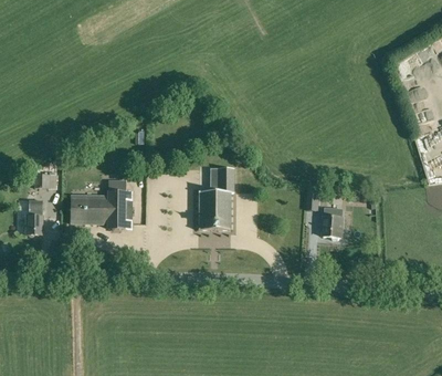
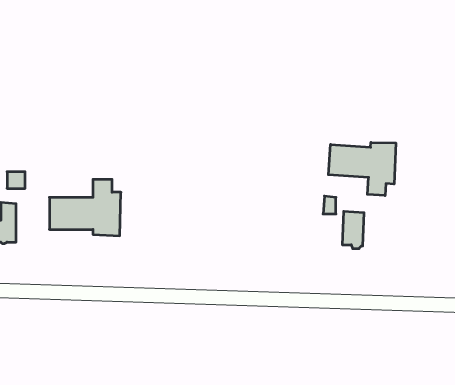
building: none -> [328,142,396,196]
building: [198,168,233,230] -> none

